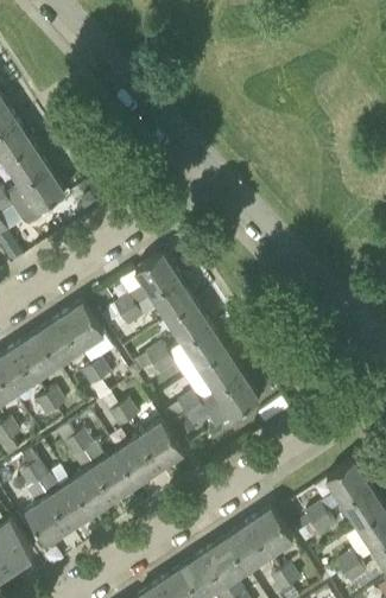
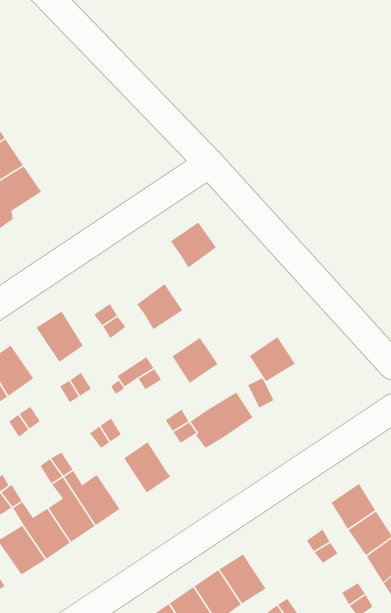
building: [134,255,177,298] -> [170,221,217,268]
building: [166,304,209,345] -> none
building: [37,319,81,365] -> none
building: [200,352,242,394] -> [249,336,296,382]
building: [115,438,160,484] -> none
building: [248,509,293,556] -> none

